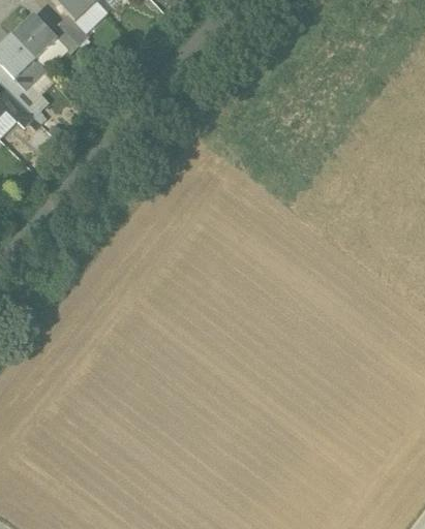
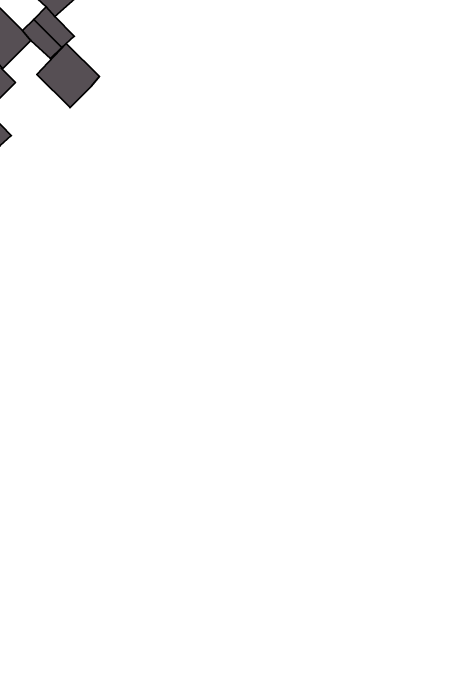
building: none -> [37,43,99,108]

